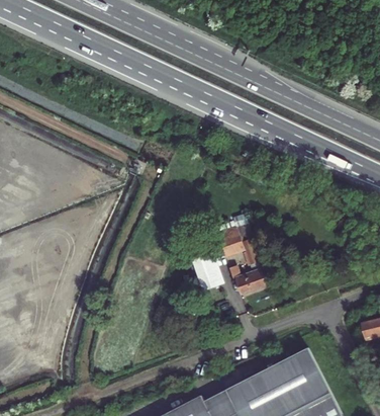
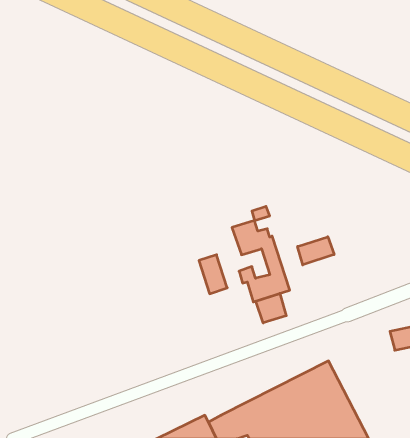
building: none -> [298,237,334,265]
building: none -> [256,293,286,323]

